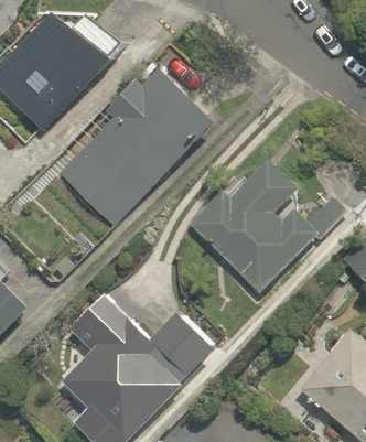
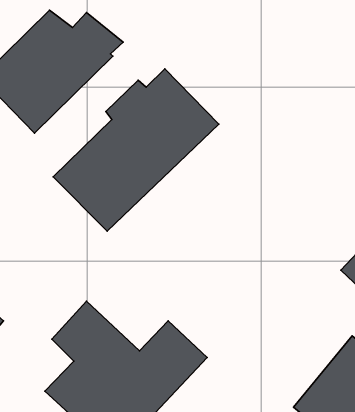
building: [195,162,347,297] -> none

